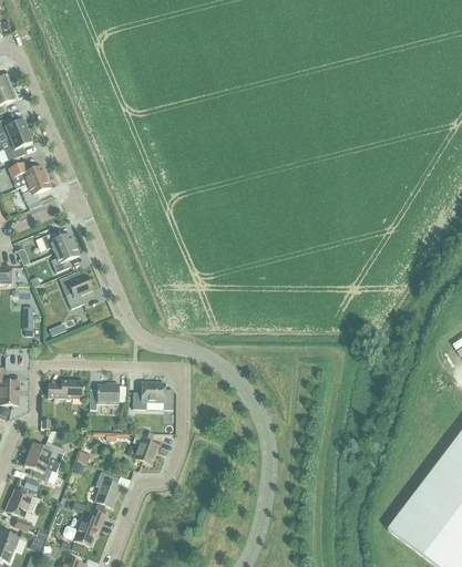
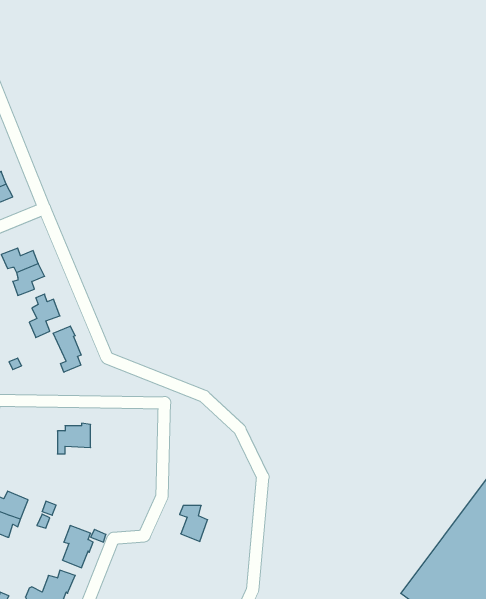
building: none -> [53,326,81,372]
building: [47,379,83,398] -> none
building: [132,381,173,409] -> none
building: [133,433,157,464] -> [180,506,208,541]

